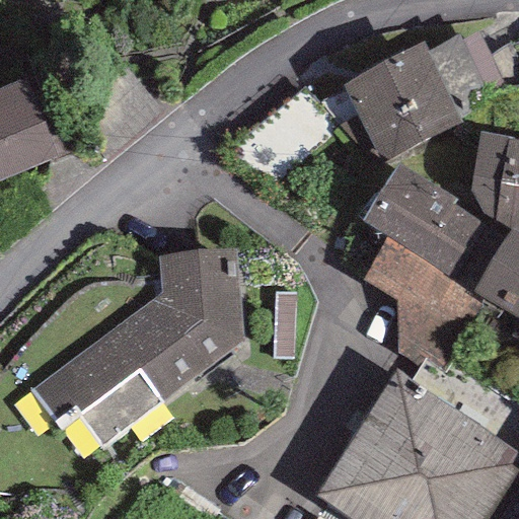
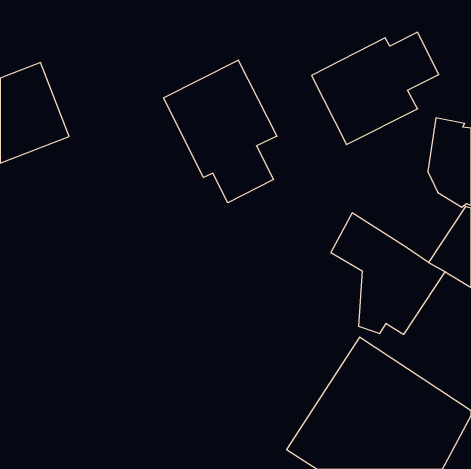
building: none -> [164,60,277,203]
building: [362,162,479,272] -> none
building: [38,255,229,461] -> none

